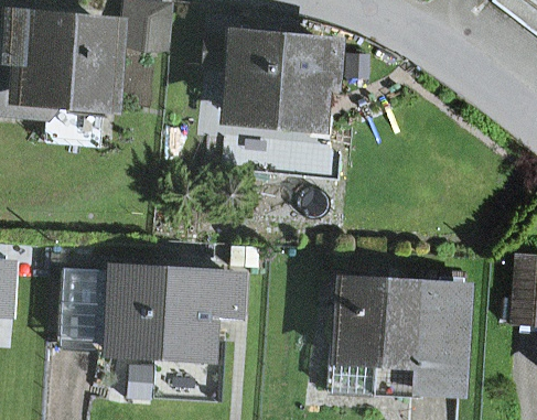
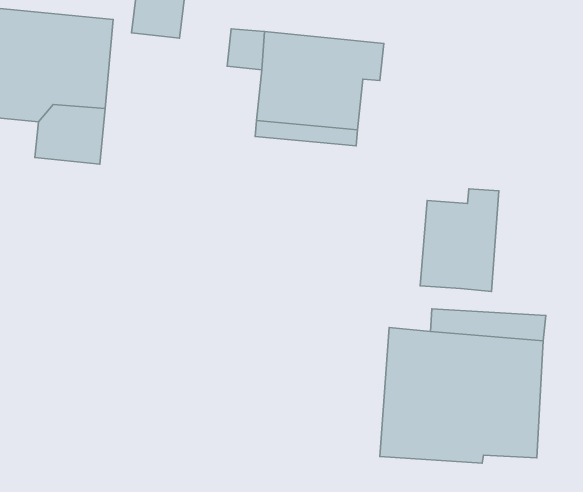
building: none -> [420,189,499,292]
building: [66,267,240,353] -> none

